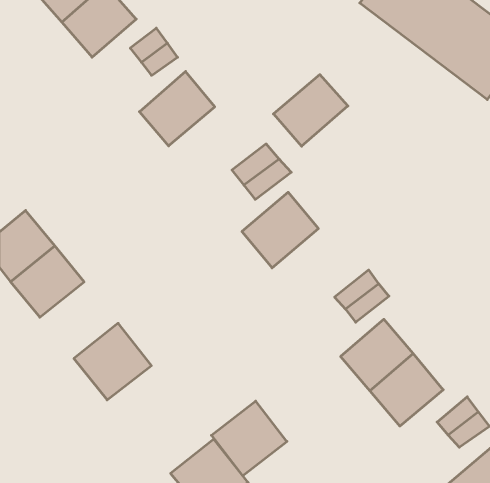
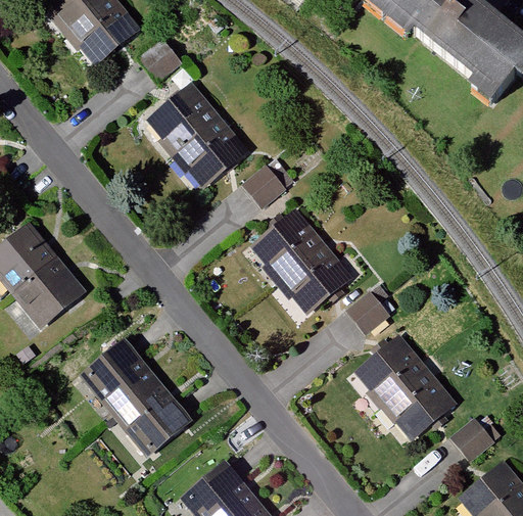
building: [273,75,348,146] -> [175,116,250,189]
building: none -> [280,240,358,316]
building: [211,401,287,476] -> [112,379,189,455]

